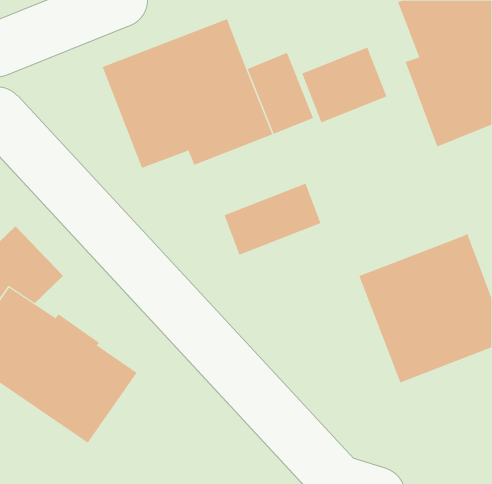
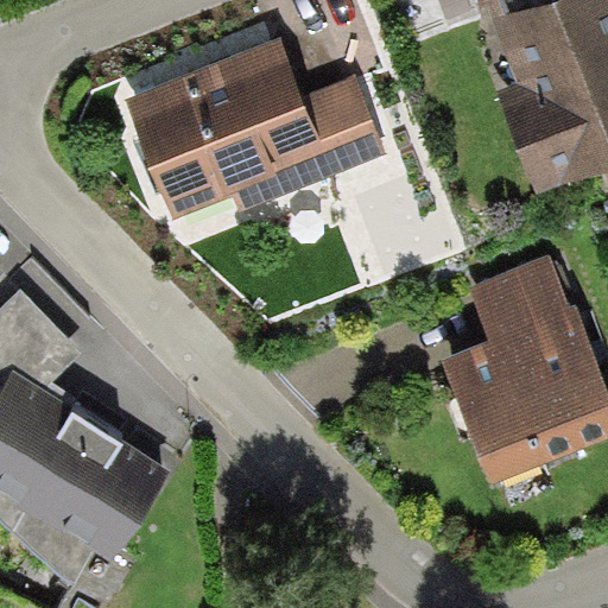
building: [302,47,387,123] -> none
building: [224,183,321,255] -> none
building: none -> [467,258,566,335]

